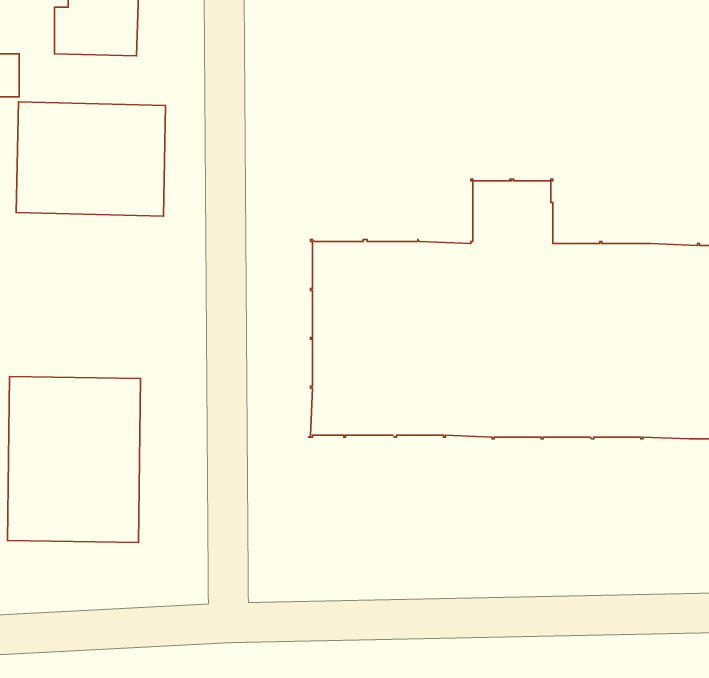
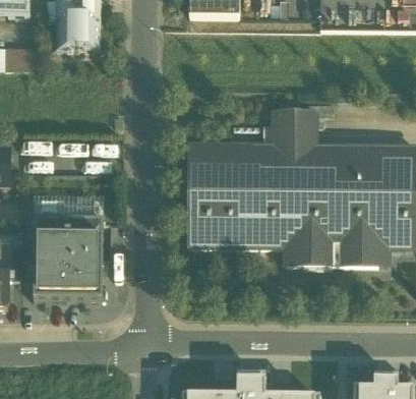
building: [16,102,166,216] -> none
building: none -> [285,246,387,264]

